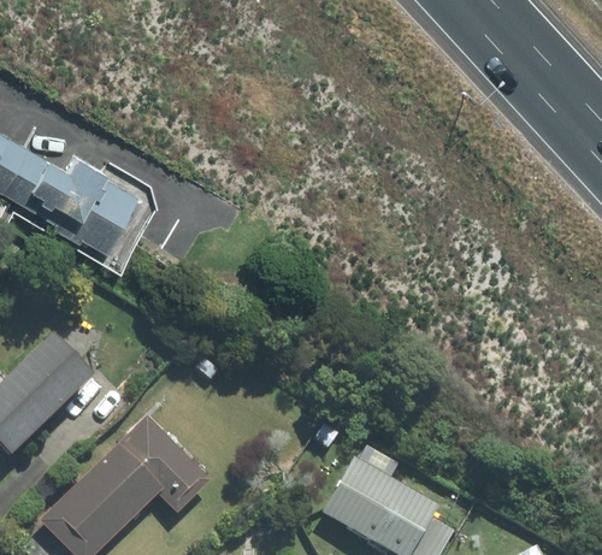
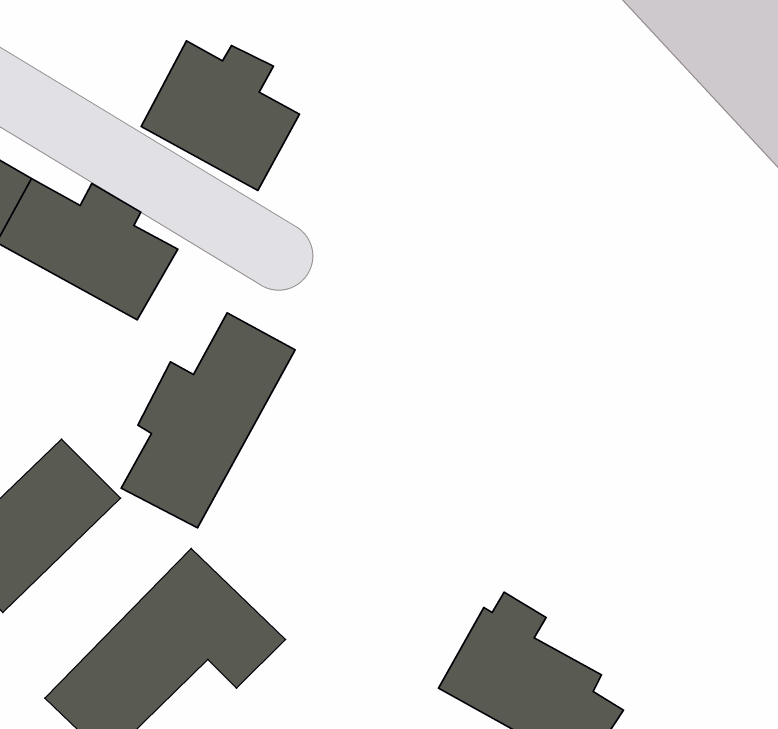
building: none -> [141,41,300,190]
building: none -> [121,313,295,528]

